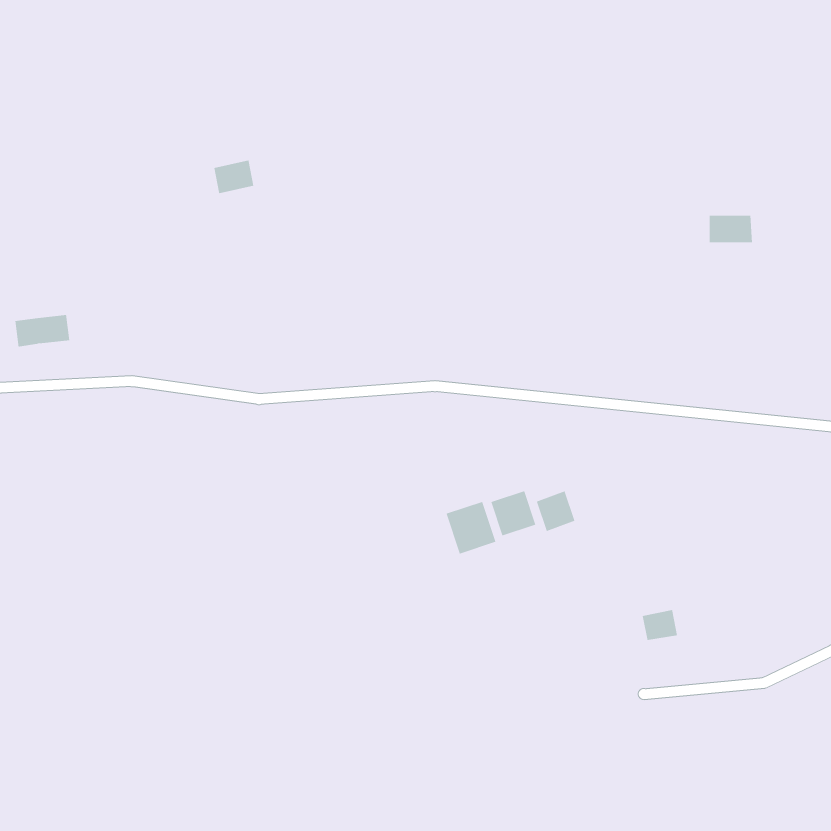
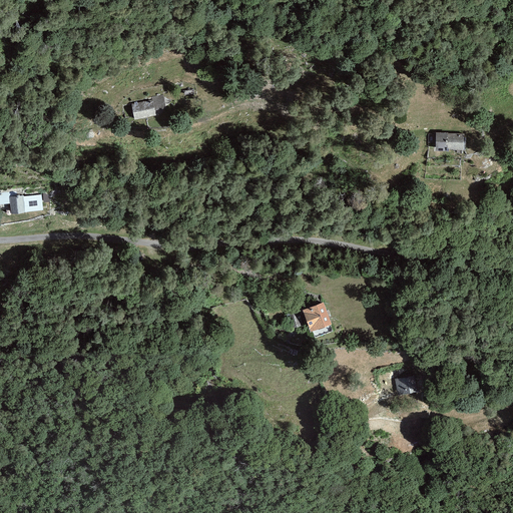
building: [536,491,575,532] -> none
building: [446,501,496,555] -> none

